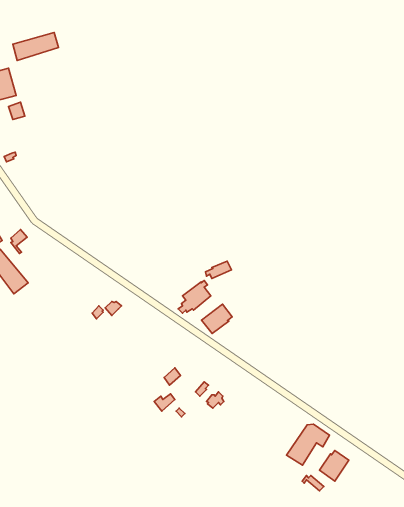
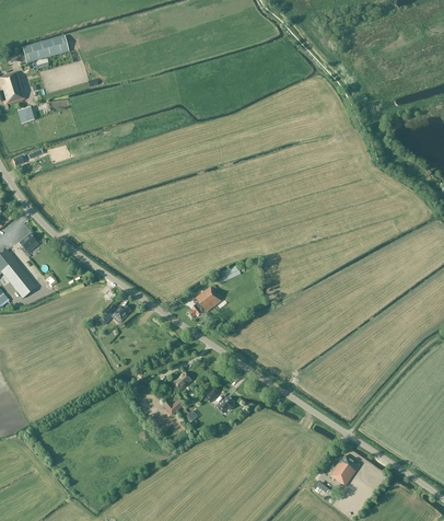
building: [202,304,232,334] -> none
building: [287,424,330,465] -> none

